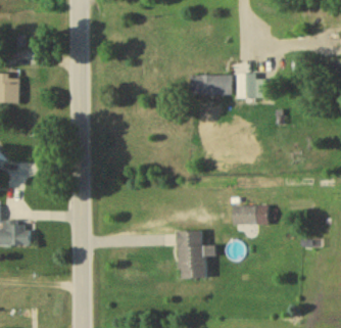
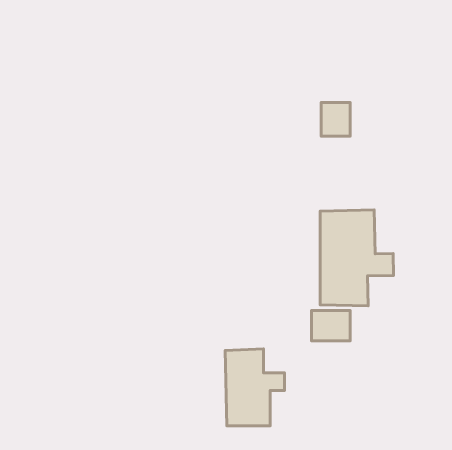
building: [191,74,232,95] -> none
building: none -> [320,210,394,306]

